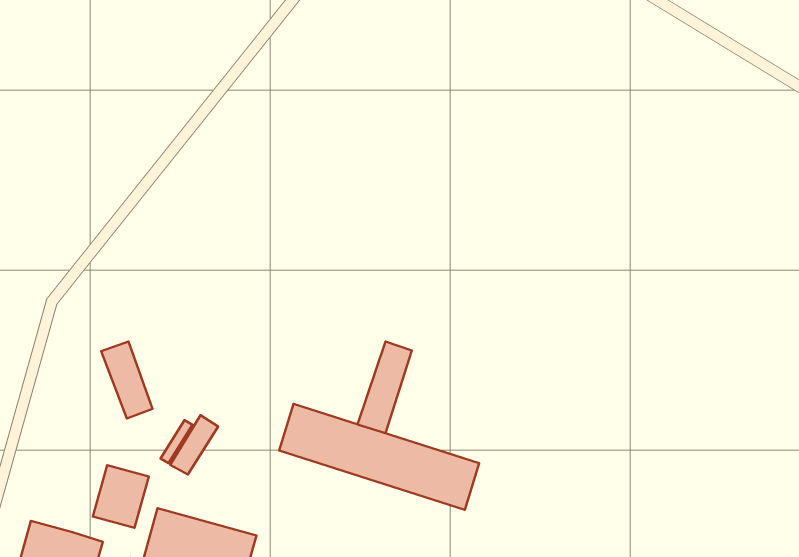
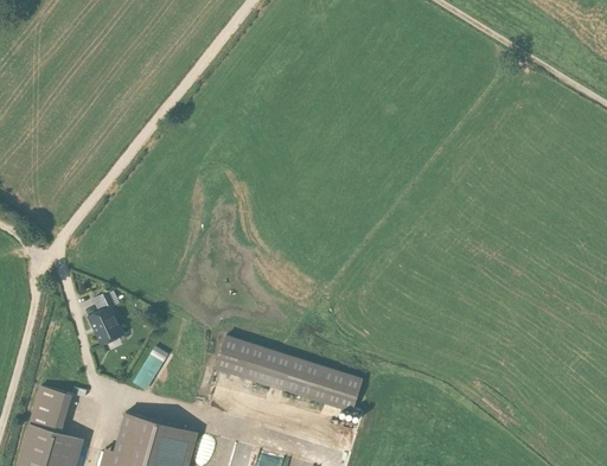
building: [357,342,412,433] -> none
building: [93,465,149,528] -> [31,384,72,430]

